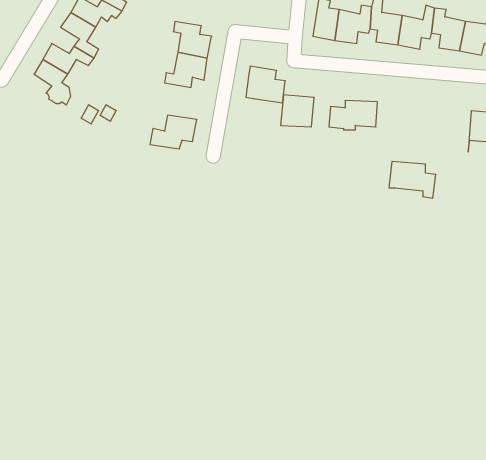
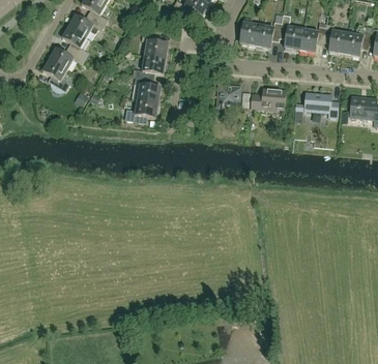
building: [246,66,285,103] -> [132,75,159,101]
building: [389,161,436,198] -> [304,91,338,117]

